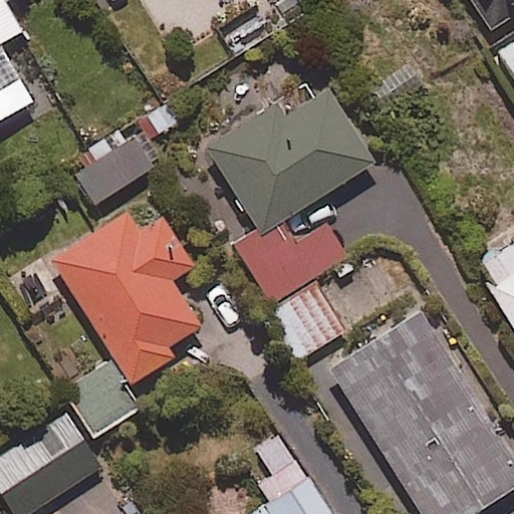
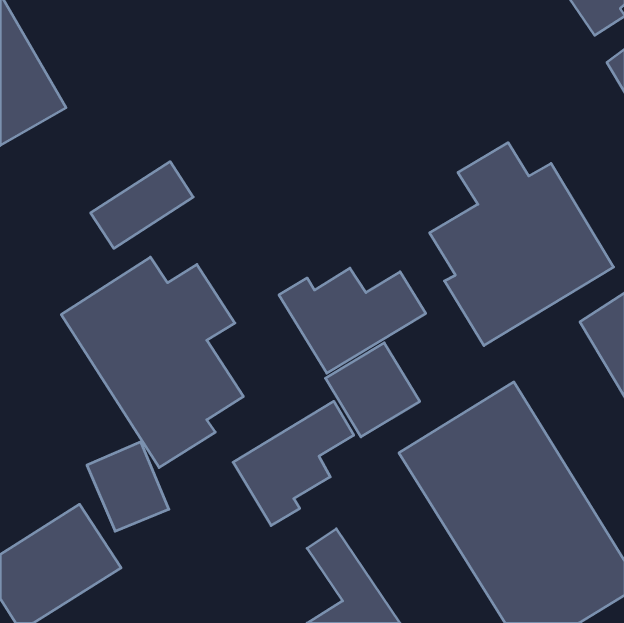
building: [208,91,374,233] -> none
building: none -> [430,143,614,346]
building: none -> [233,401,354,526]

